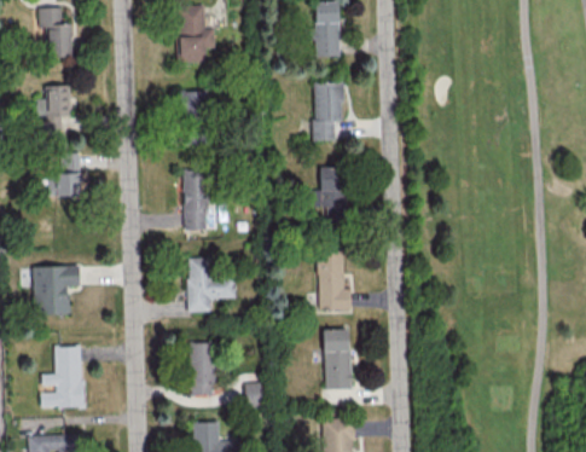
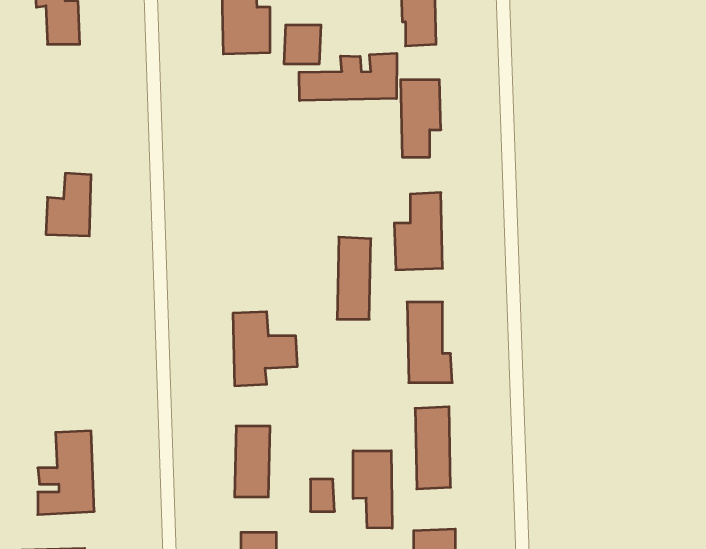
building: none -> [299,53,397,101]
building: [37,86,71,133] -> none
building: [180,92,208,121] -> [284,25,321,64]
building: [184,169,209,231] -> [337,237,371,319]
building: [33,267,79,318] -> none
building: none -> [353,451,392,528]

